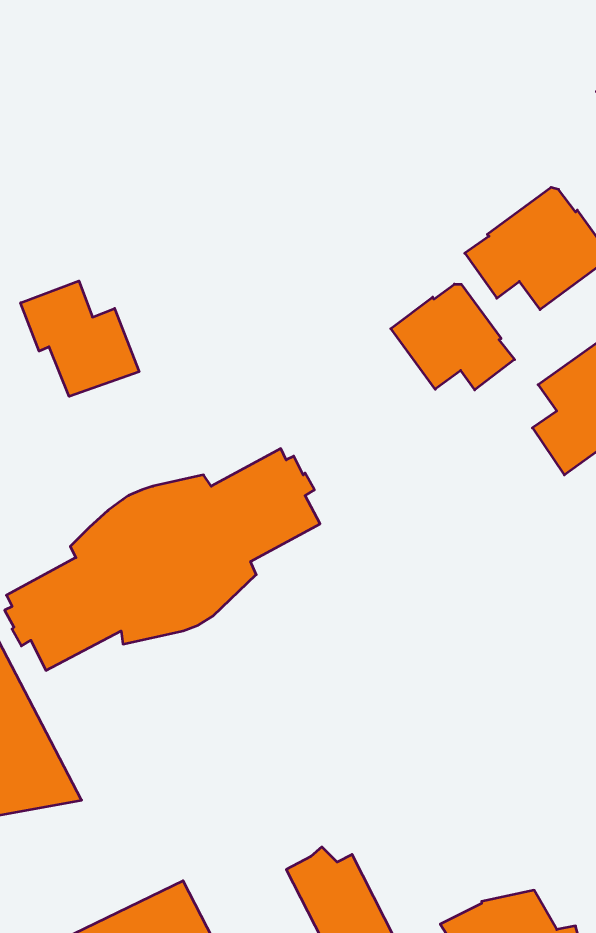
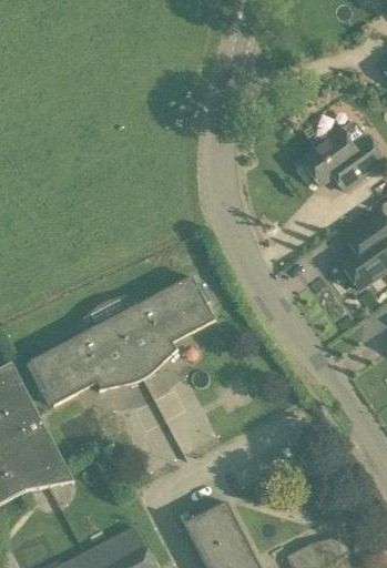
building: [21,281,139,396] -> none
building: [391,284,515,390] -> none

